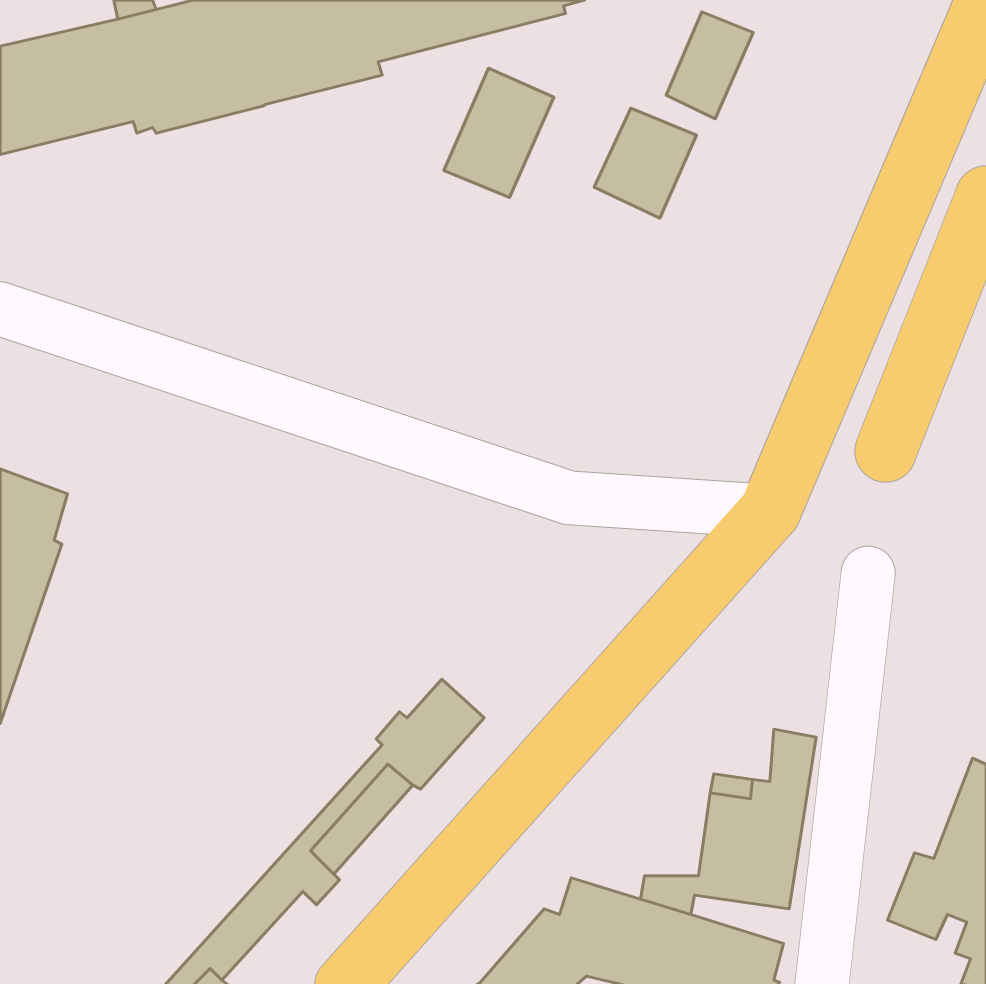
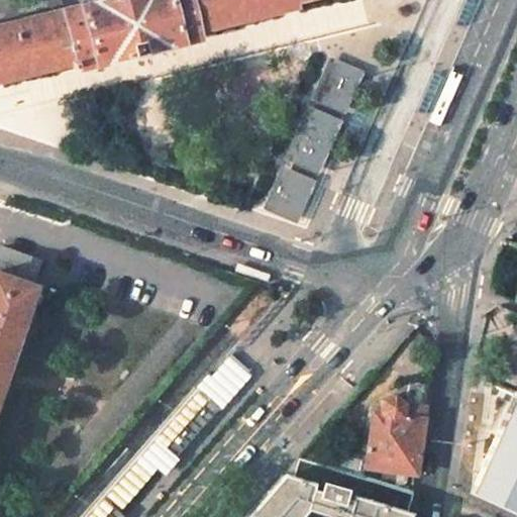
building: [666,12,753,119] -> none
building: [444,68,554,197] -> [285,107,342,175]
building: none -> [263,167,316,224]

